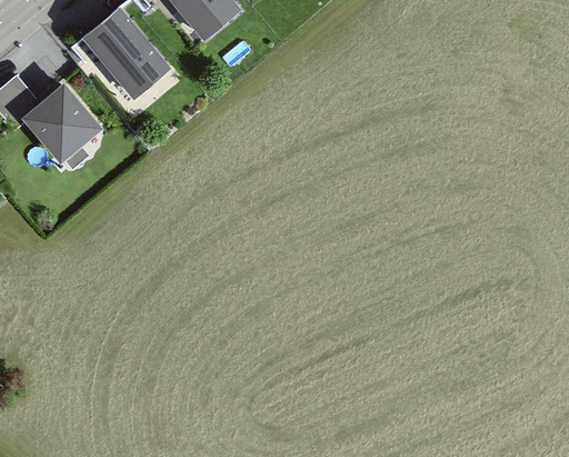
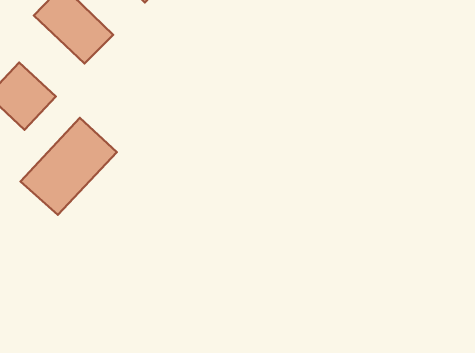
building: none -> [21,118,117,215]

